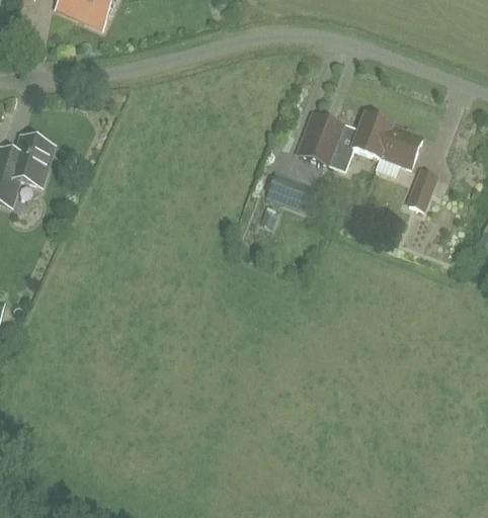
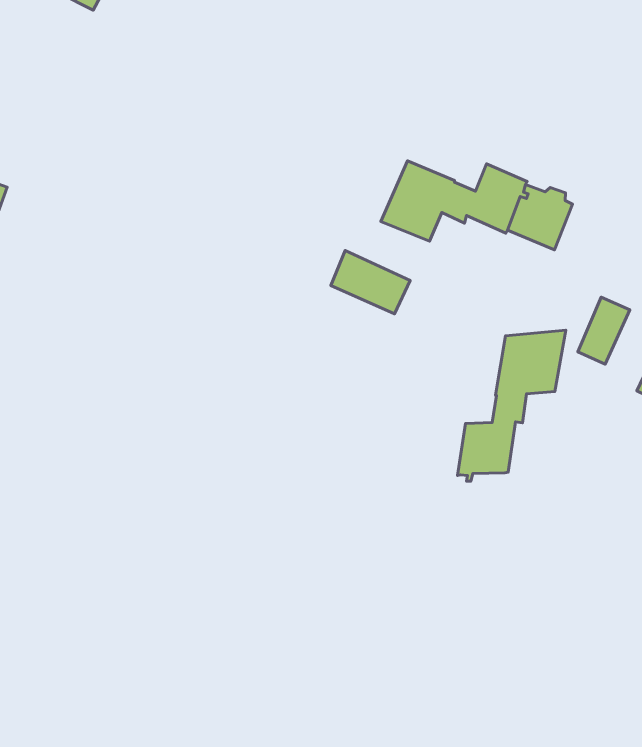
building: [404,167,436,210] -> [578,297,630,364]
building: none -> [457,330,566,481]

